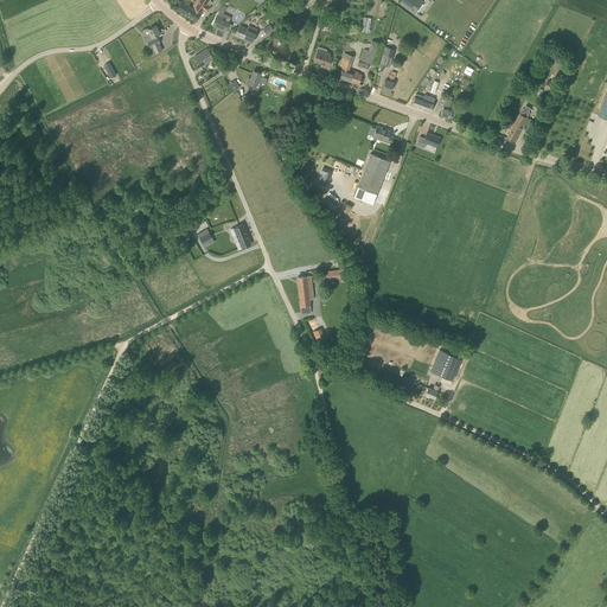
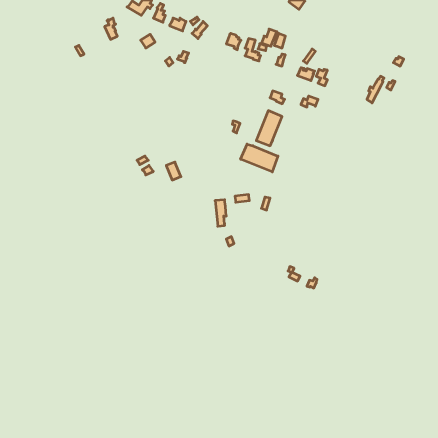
building: none -> [241,144,278,172]
building: [430,350,461,381] -> none

